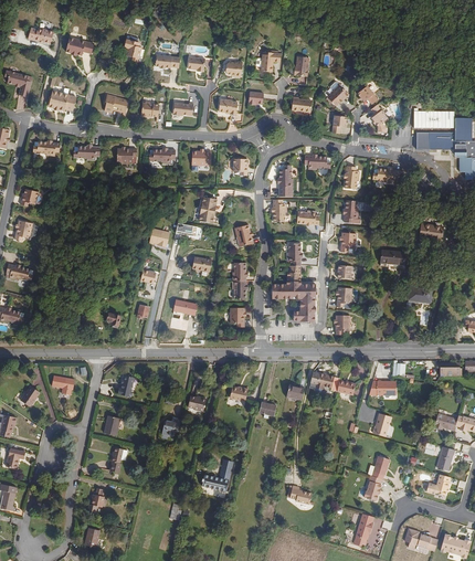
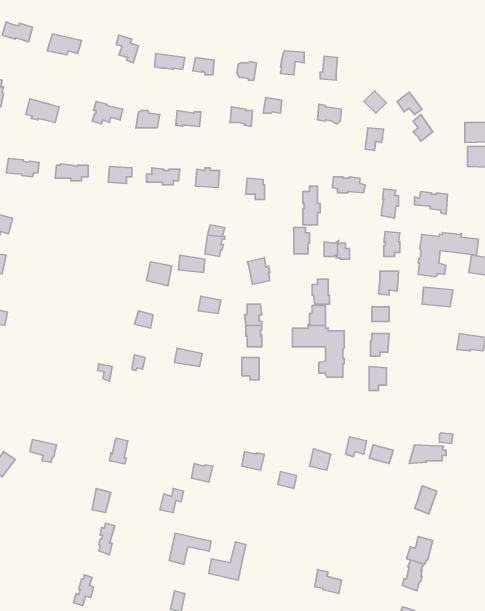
building: none -> [418,232,478,277]
building: none -> [169,533,211,564]

